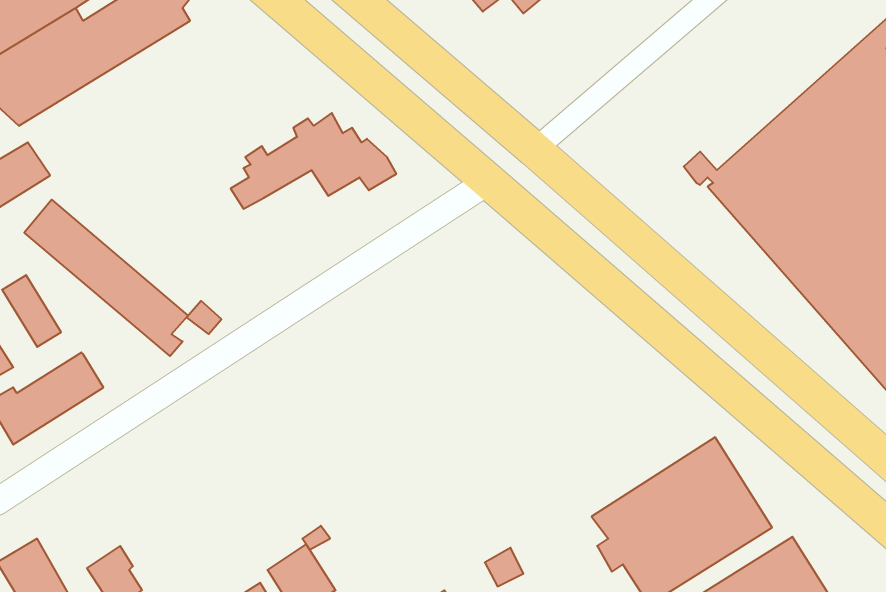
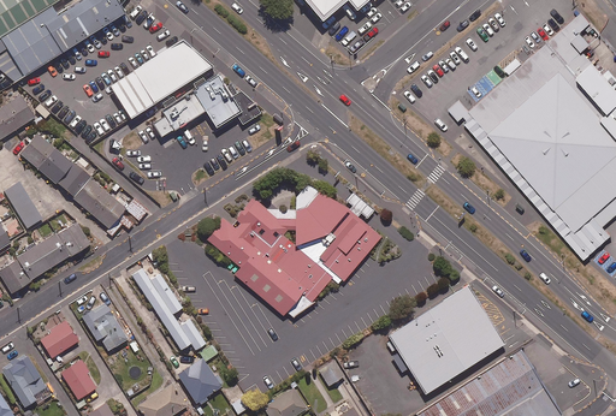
building: none -> [109,37,213,117]
building: none -> [205,185,383,317]
building: none -> [57,220,89,254]
building: none -> [131,267,206,349]
building: none -> [81,301,128,346]
building: none -> [40,319,78,357]

